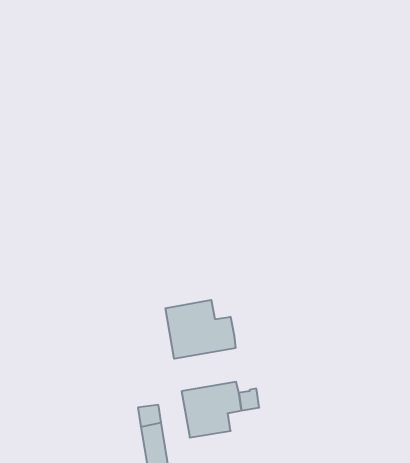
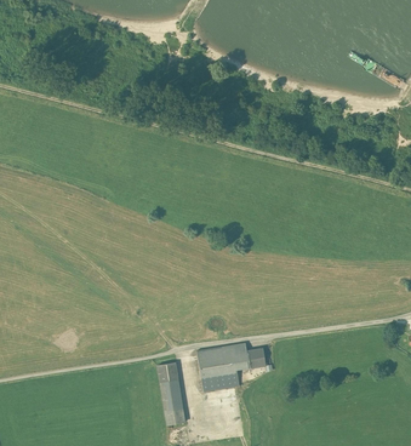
building: [165,300,235,359] -> none

